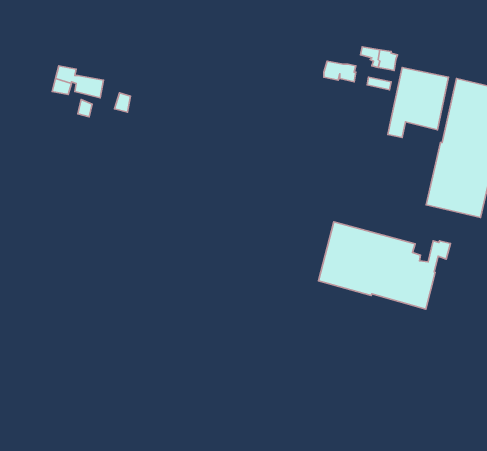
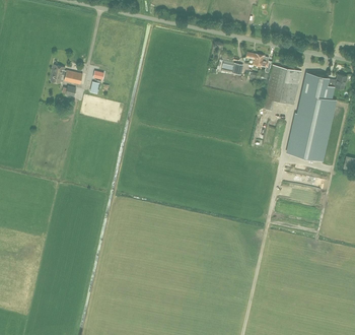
building: [318,222,450,309] -> none

